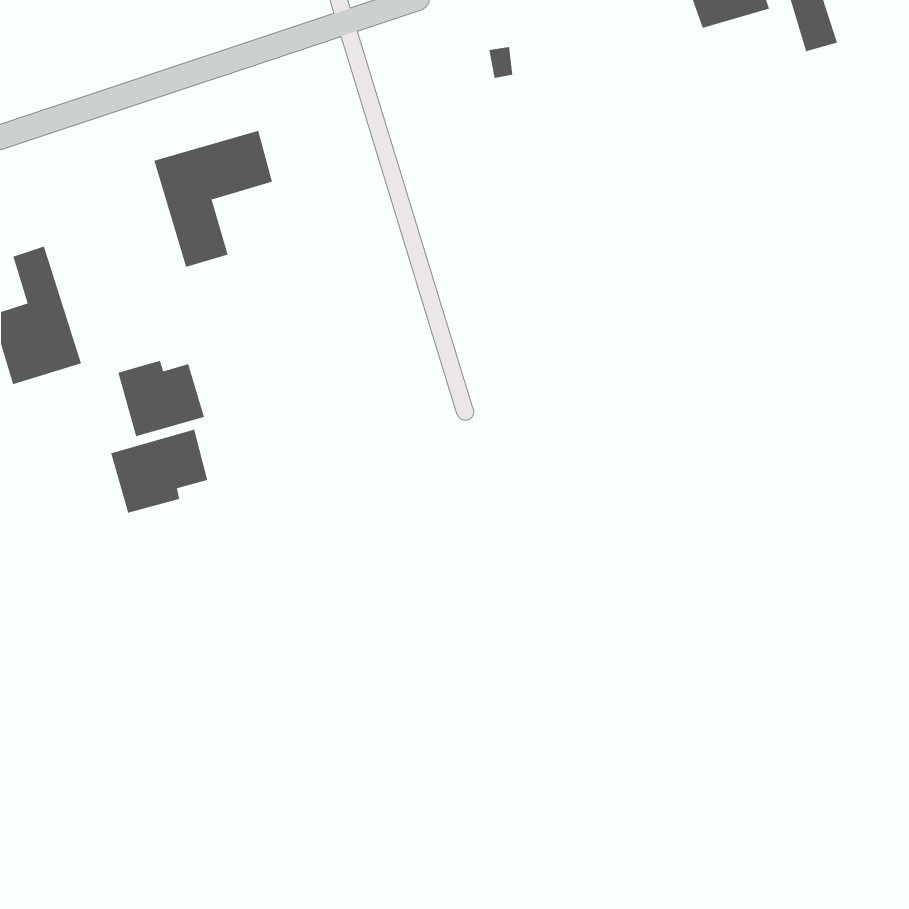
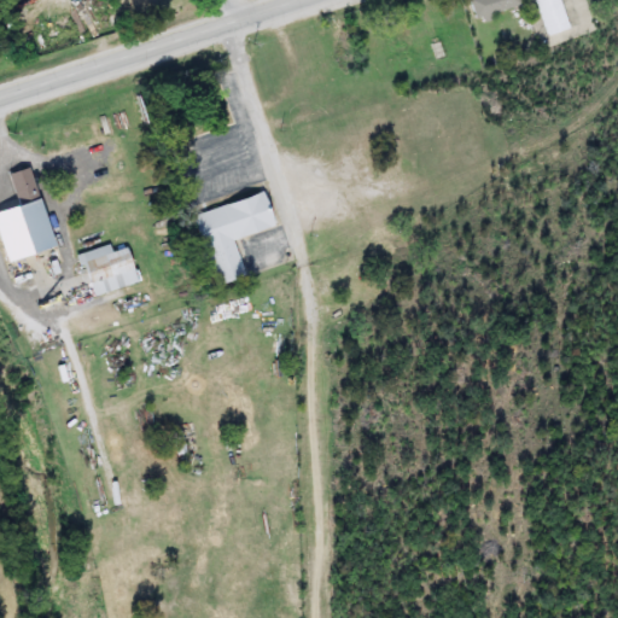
building: [154,130,273,267] -> [196,192,276,285]
building: [110,429,208,514] -> none

